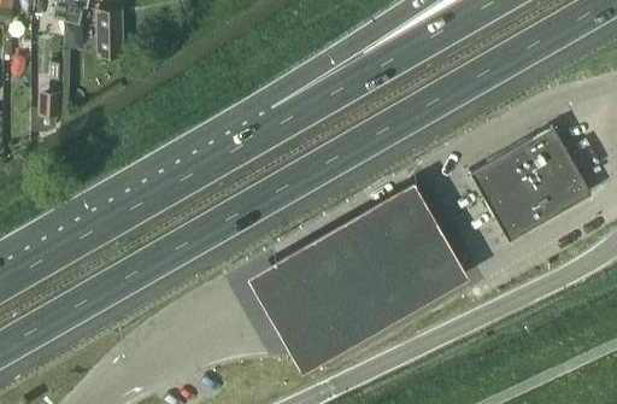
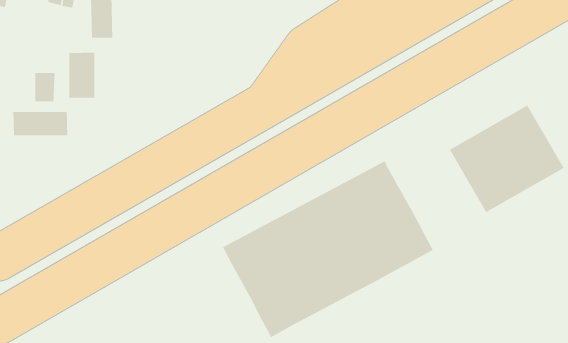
building: none -> [69,52,95,99]
building: none -> [13,111,68,136]

